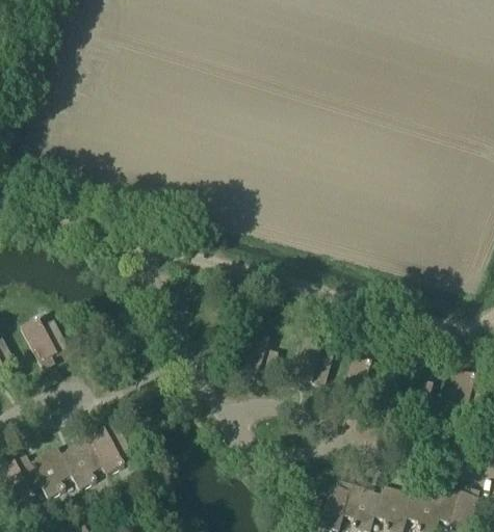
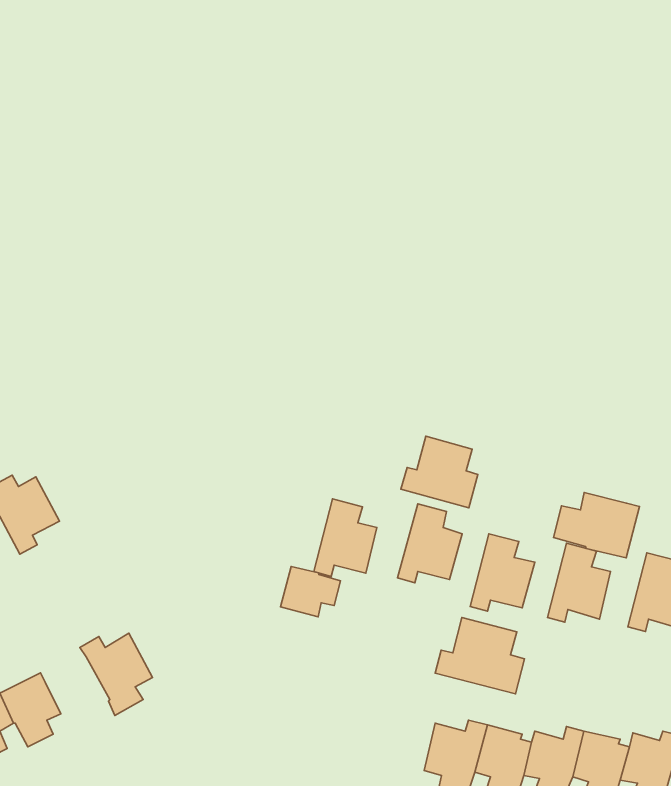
building: none -> [401,436,478,508]
building: none -> [553,492,639,558]
building: none -> [281,566,341,617]
building: none -> [435,618,524,694]
building: [61,438,104,490] -> none

